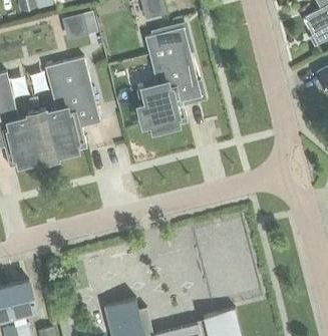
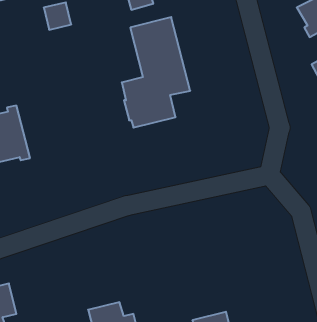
building: [35,57,99,161] -> none

